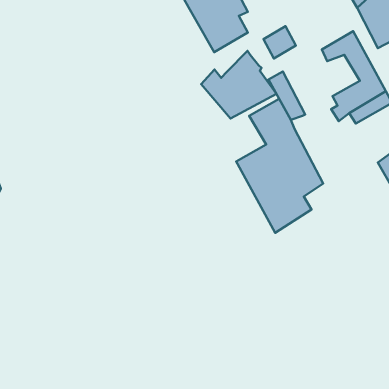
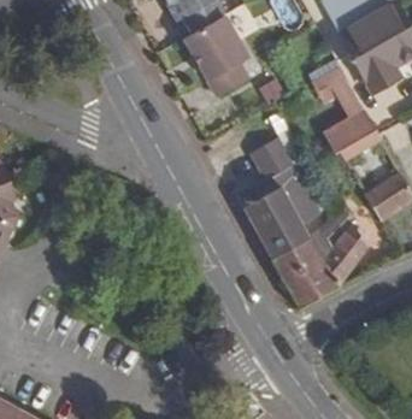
building: [201,51,276,119] -> none
building: none -> [272,210,367,307]

